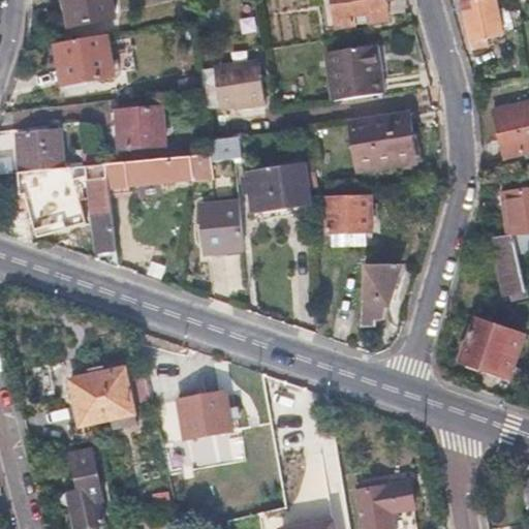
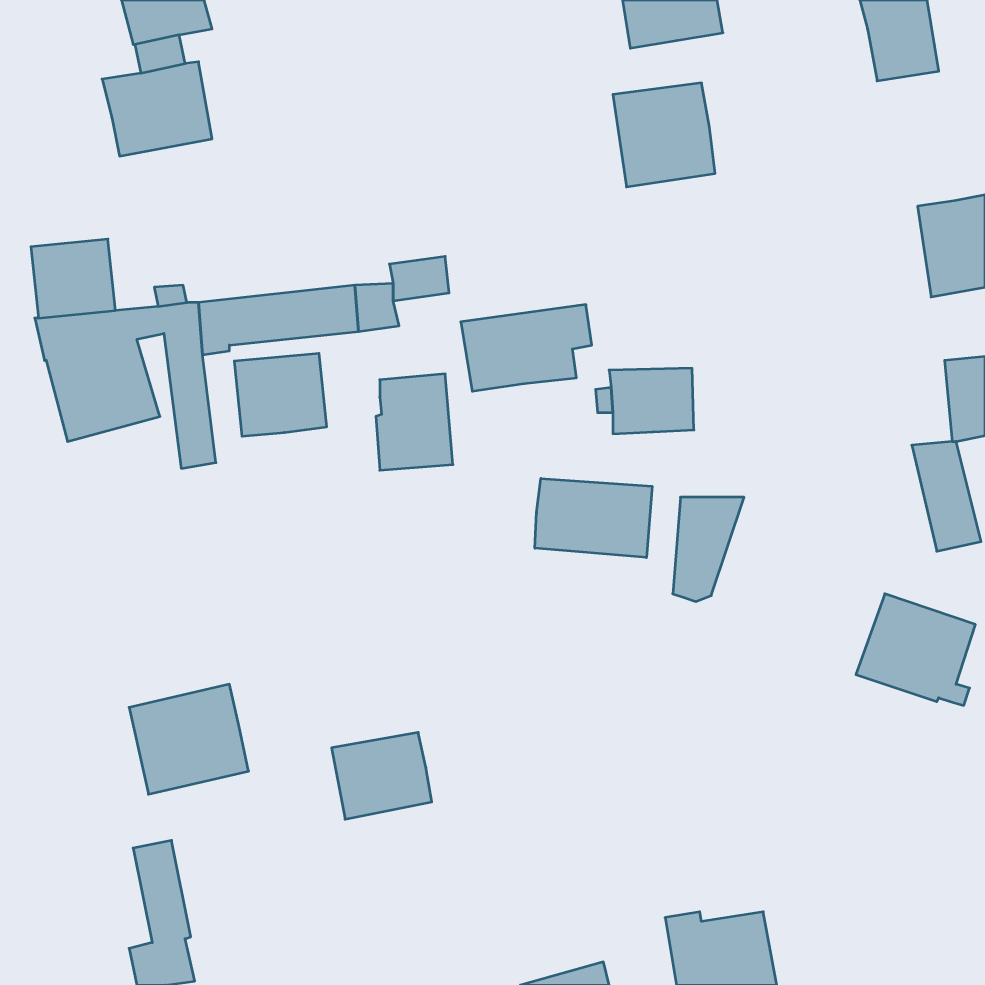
building: [213,62,263,110] -> none
building: [115,103,164,148] -> [234,353,327,436]
building: [349,112,413,172] -> none
building: none -> [535,478,652,558]

